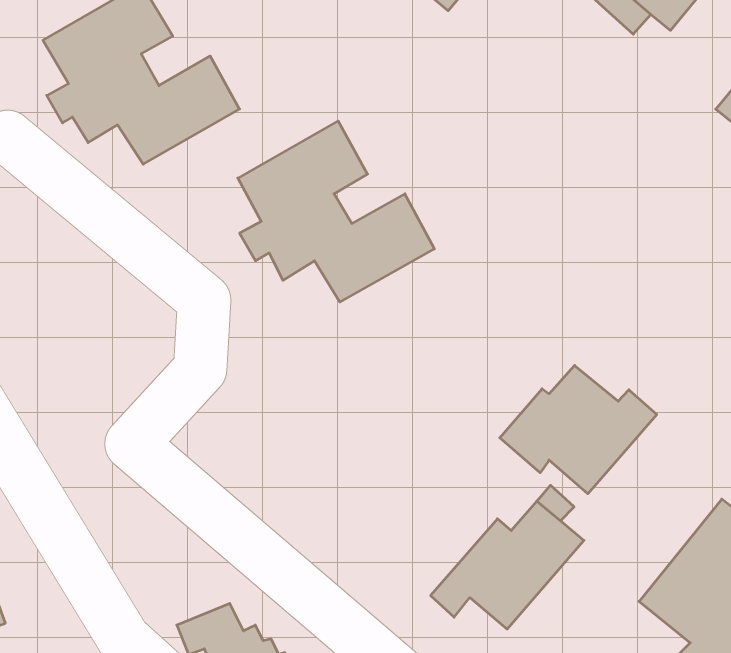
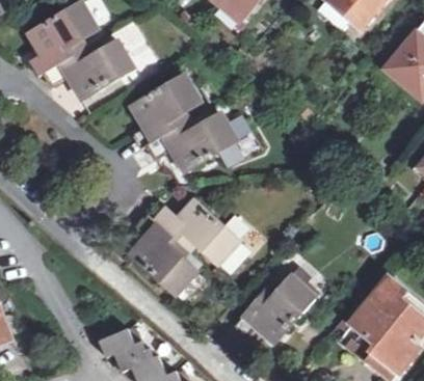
building: none -> [131,199,240,295]
building: [500,365,657,494] -> none

